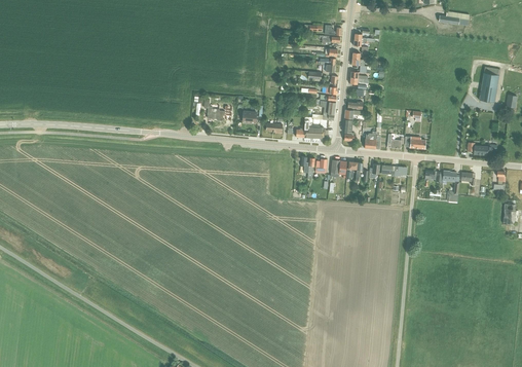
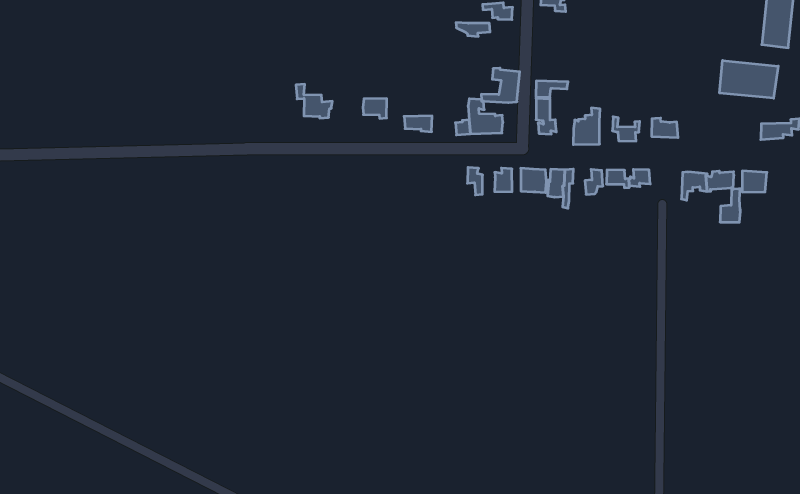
building: none -> [720,60,778,98]

